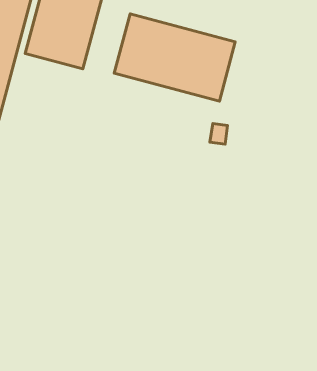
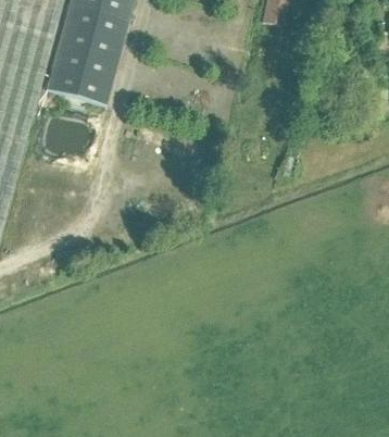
building: [114,14,235,101] -> none

